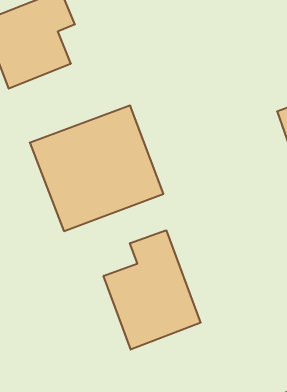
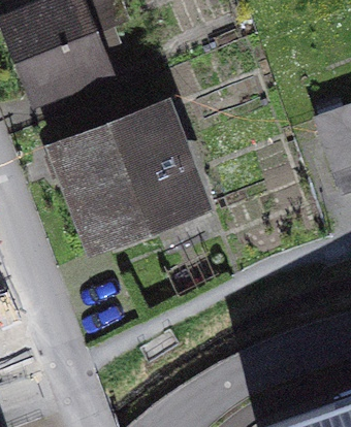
building: [104,230,201,350] -> none

